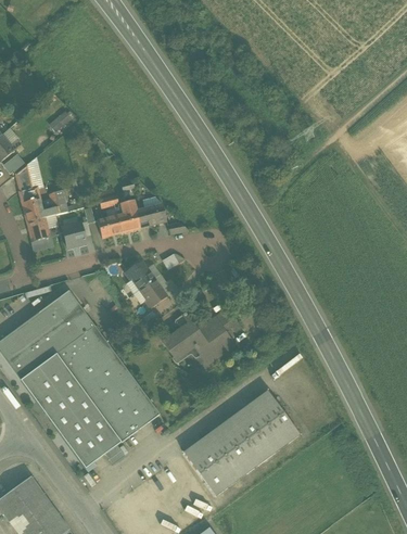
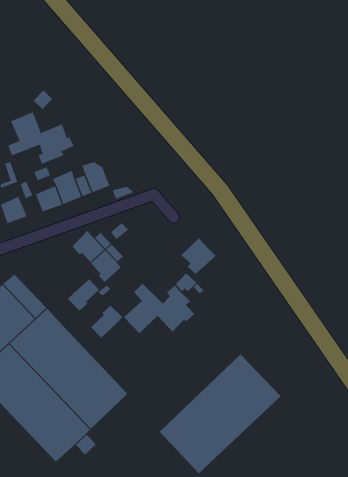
building: none -> [7,112,74,165]
building: none -> [181,237,217,275]
building: none -> [67,278,100,311]
building: none -> [90,305,123,339]

